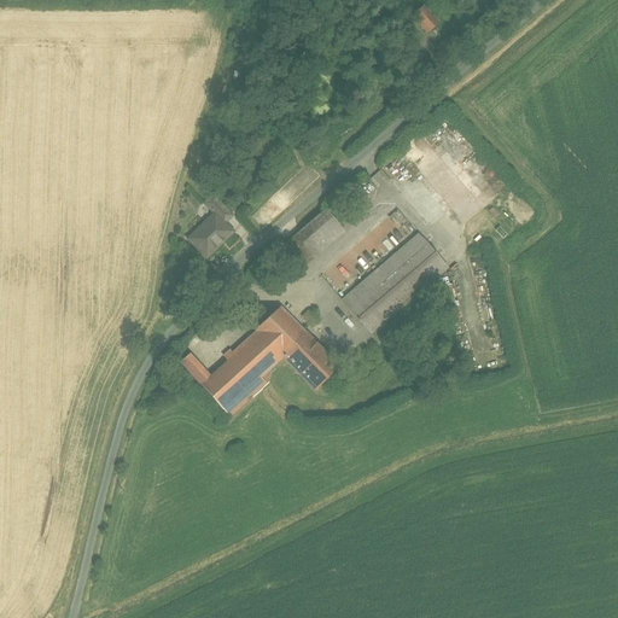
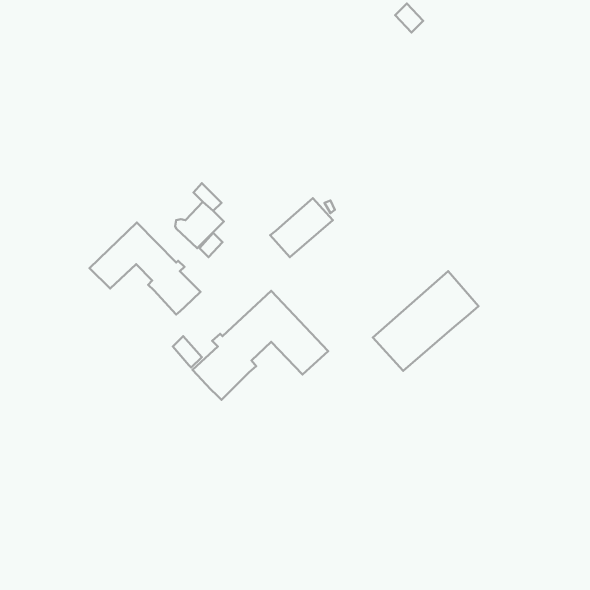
building: [339,229,449,333] -> [373,271,478,371]
building: none -> [90,222,200,315]

